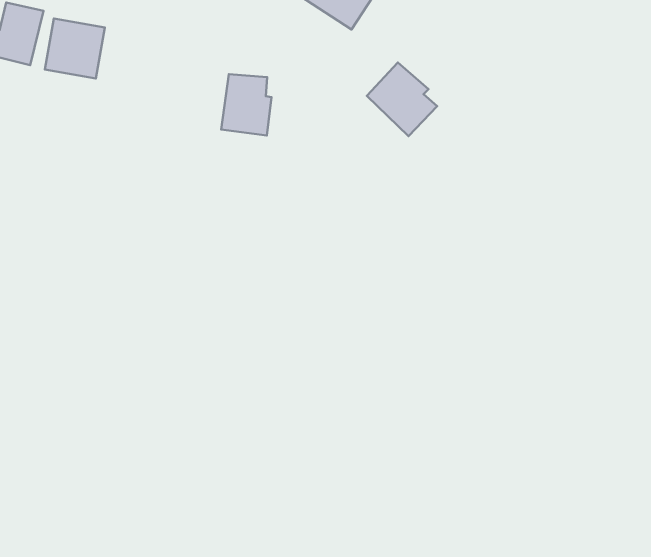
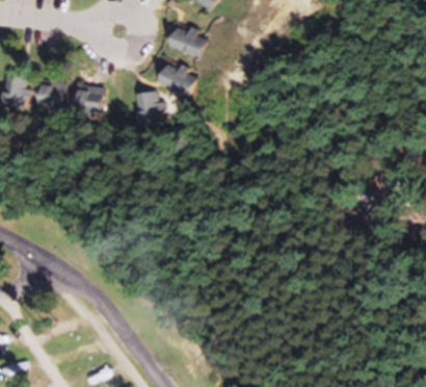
building: none -> [72,82,105,113]
building: [367,63,437,136] -> [157,58,195,97]

